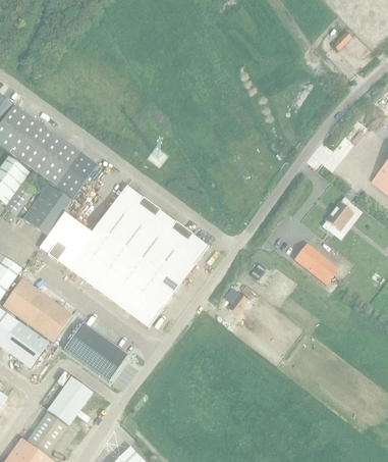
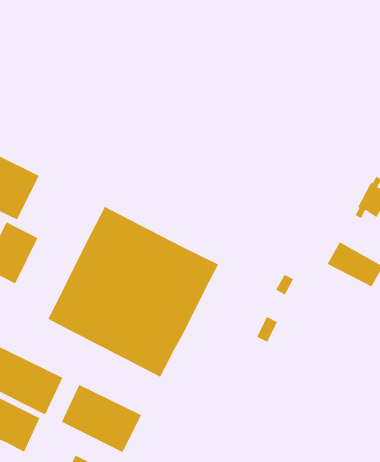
building: [56,152,97,197] -> none
building: [39,212,91,266] -> none

